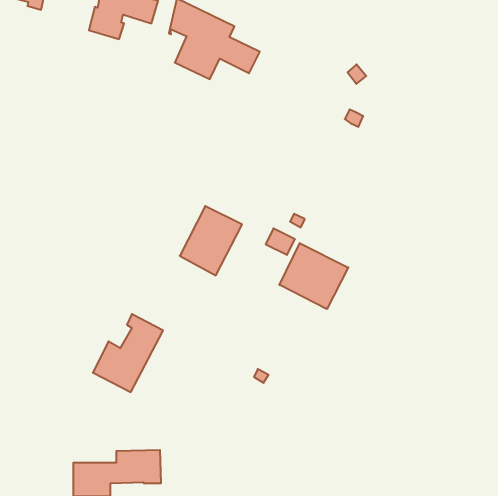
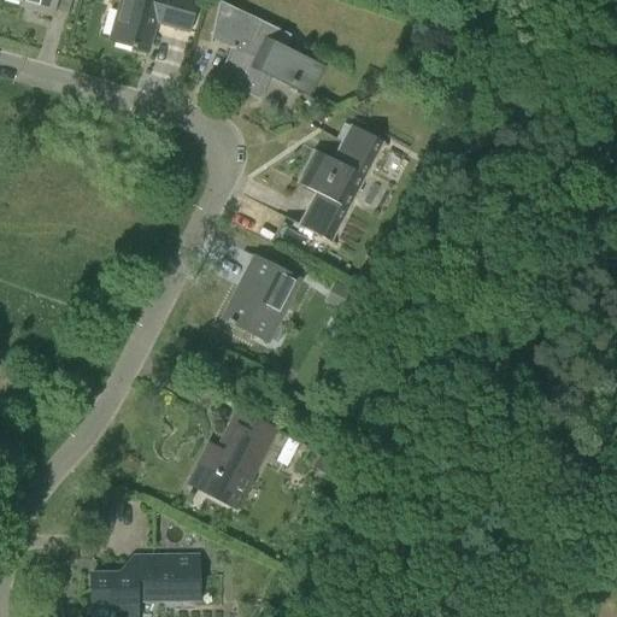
building: none -> [301,122,382,237]
building: [279,243,348,309] -> none
building: [93,314,163,392] -> [189,409,276,505]

